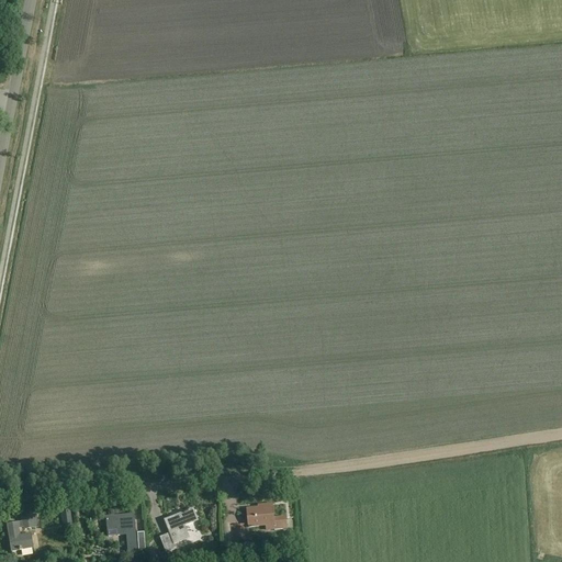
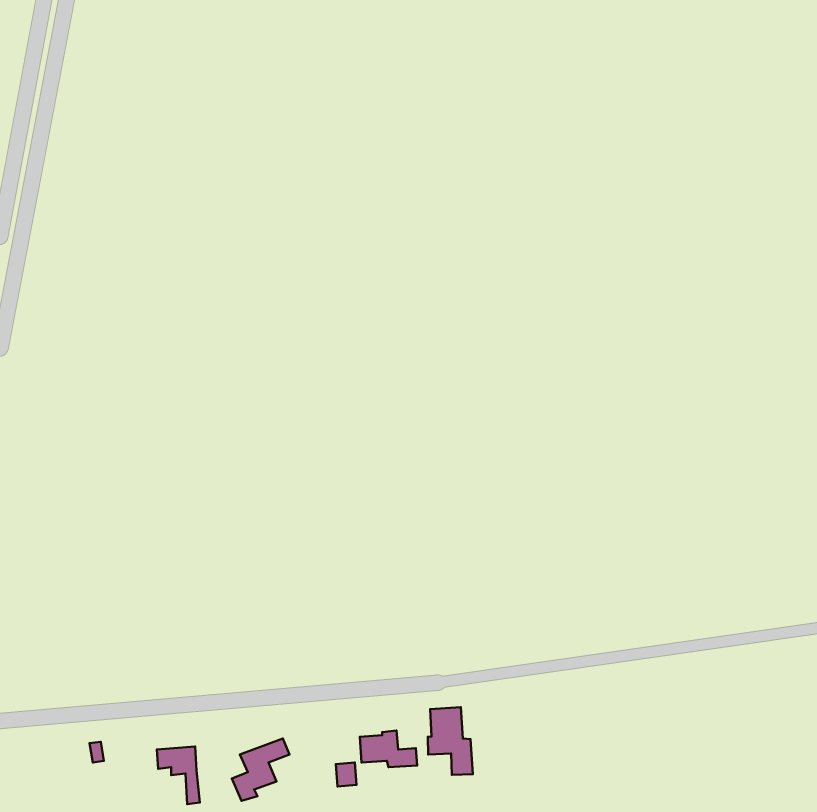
building: none -> [428,707,473,775]
building: [8,513,38,549] -> none

